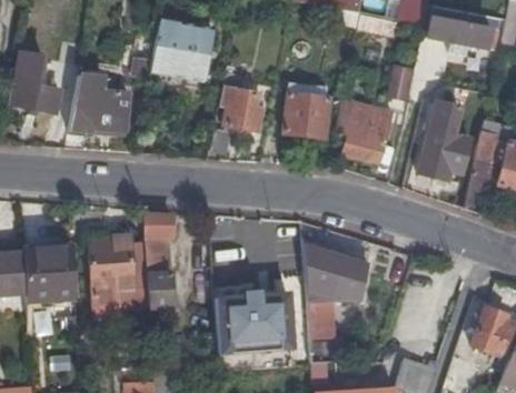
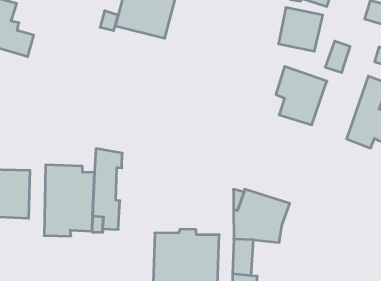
building: [70,79,130,137] -> none
building: [221,88,262,135] -> none
building: [285,95,331,141] -> [278,8,323,51]

